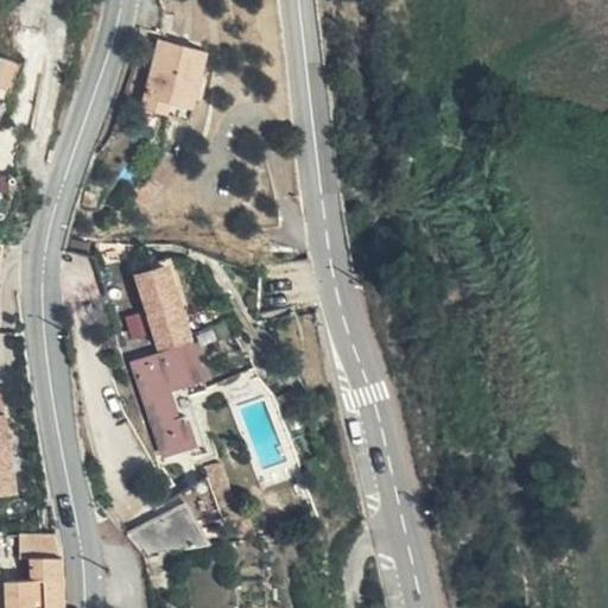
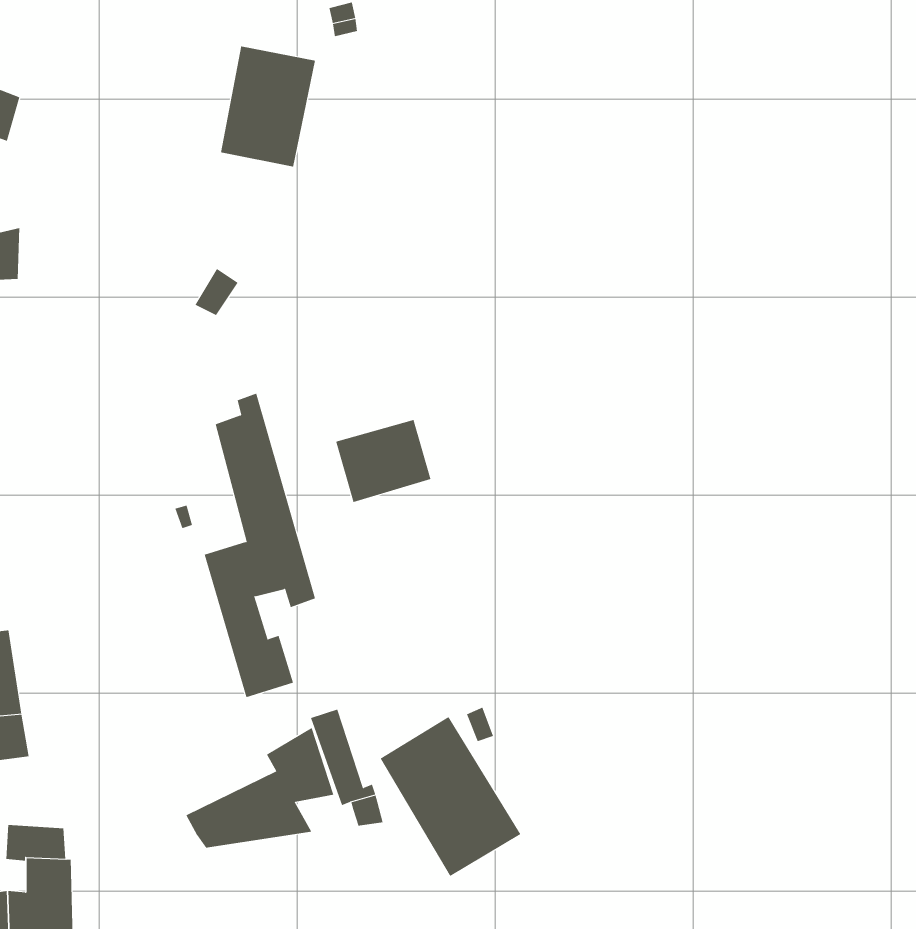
building: none -> [335,419,431,503]
building: none -> [380,716,521,877]

